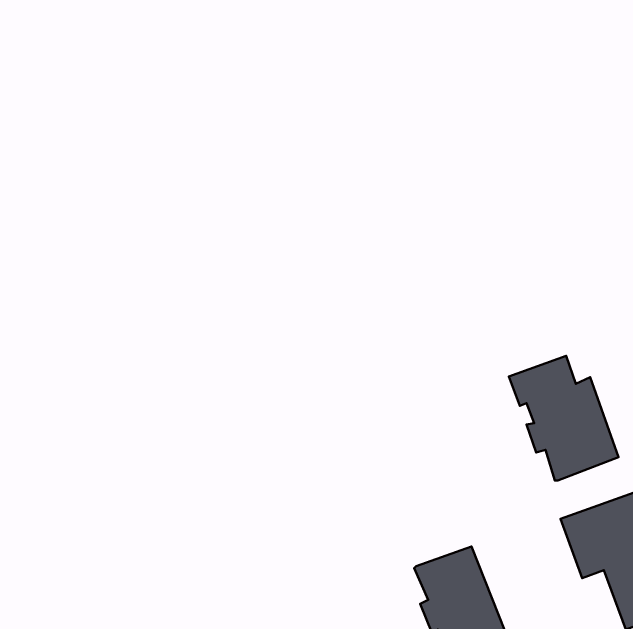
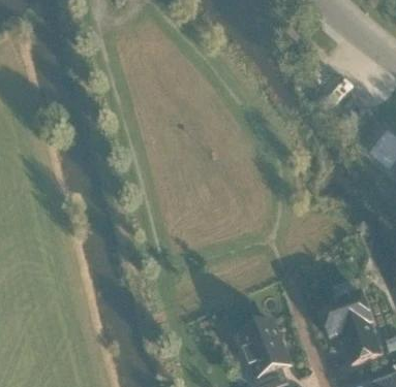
building: [509,356,618,481] -> none

